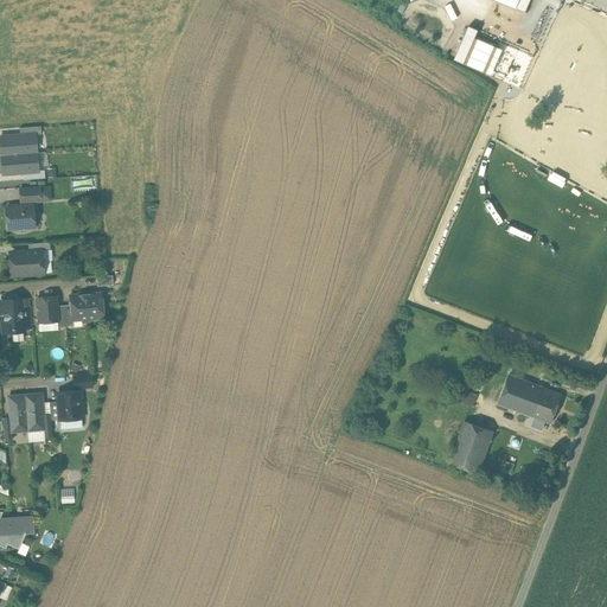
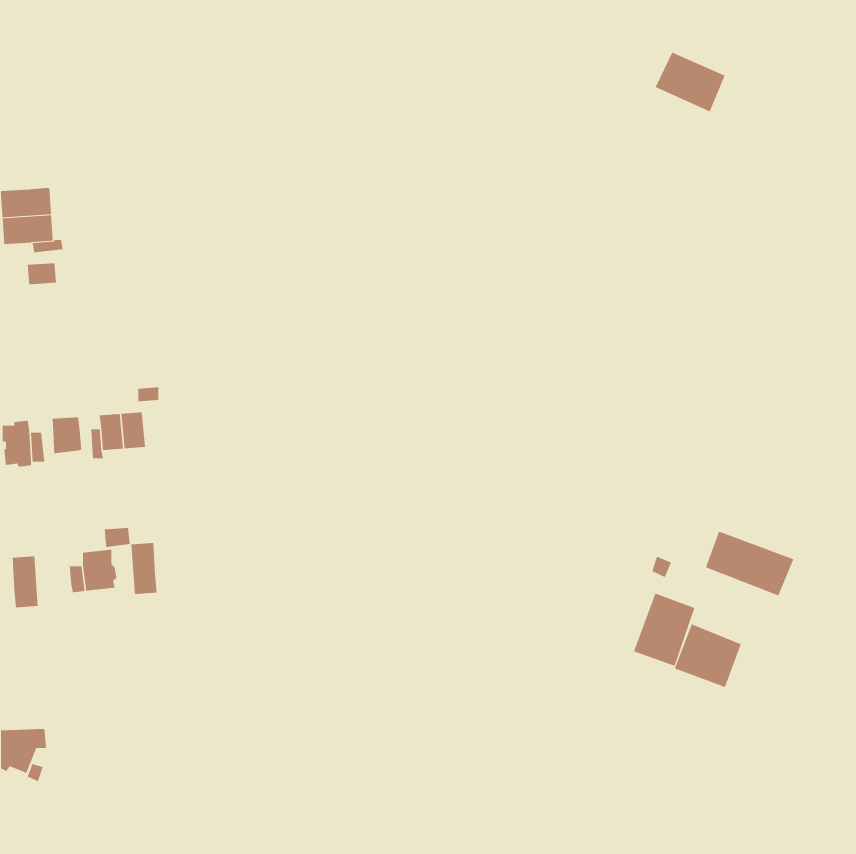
building: [5,204,34,229] -> none
building: [9,249,44,275] -> none
building: [25,392,44,429] -> [131,543,157,594]
building: none -> [674,623,742,688]

